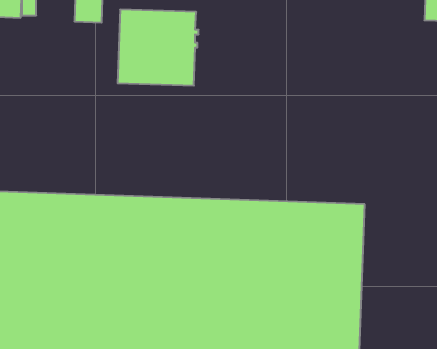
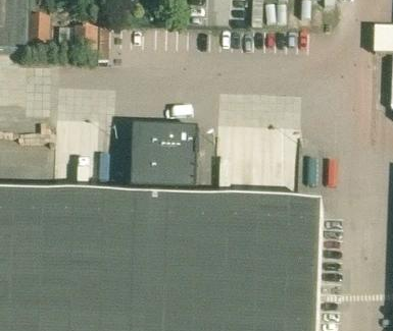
building: [118,10,199,86] -> [132,116,201,181]

